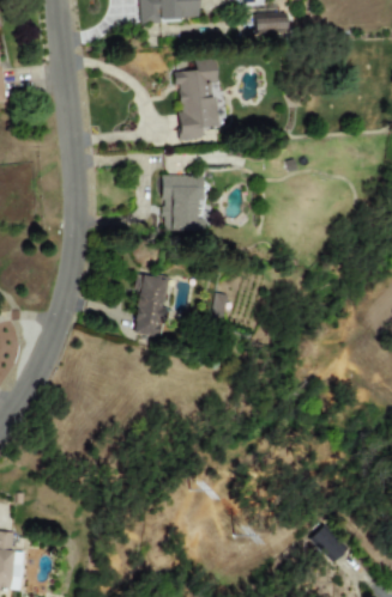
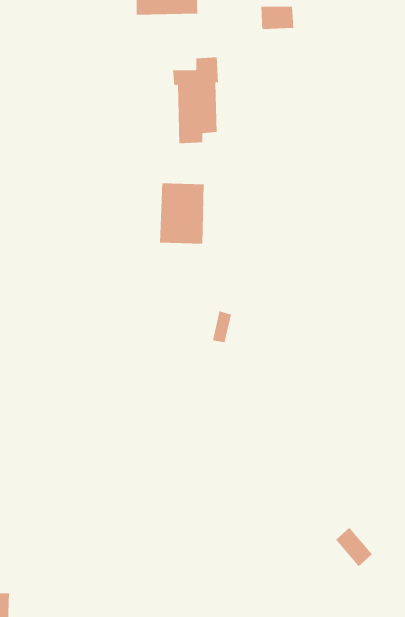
building: [132,275,168,337] -> none
building: [310,525,345,562] -> [335,527,373,567]

